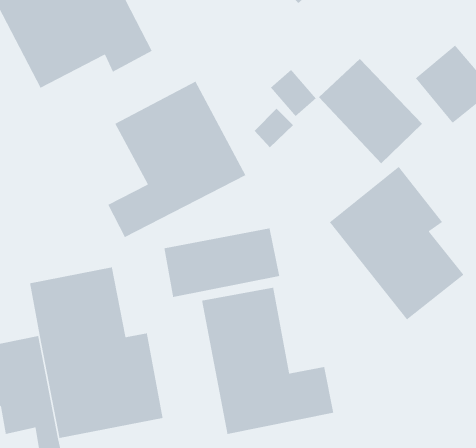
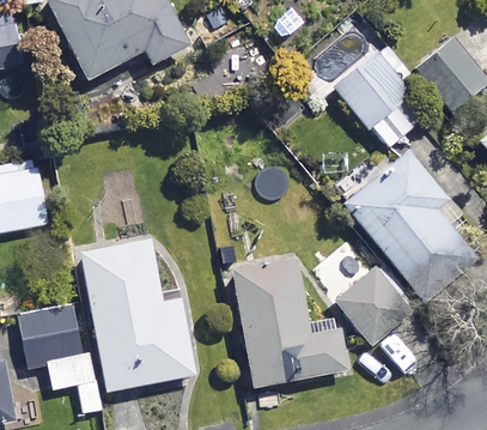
building: [107,80,246,238] -> none
building: [164,227,280,298] -> none
building: none -> [335,266,414,346]

